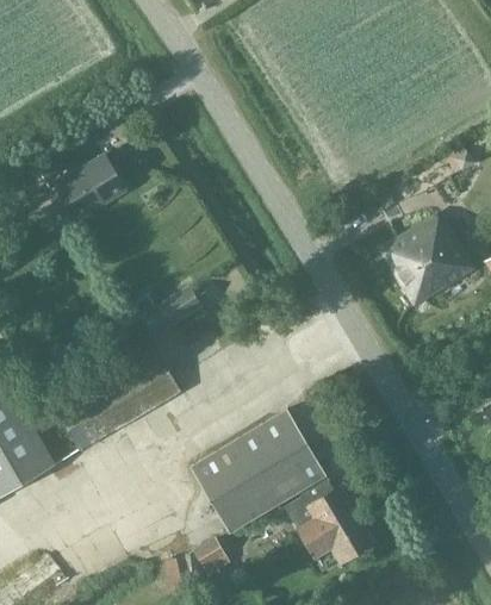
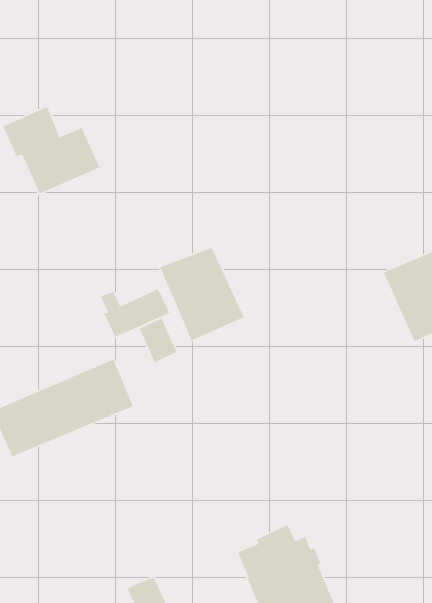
building: none -> [159,247,245,342]
building: none -> [139,317,178,363]
building: [188,411,323,532] -> none

